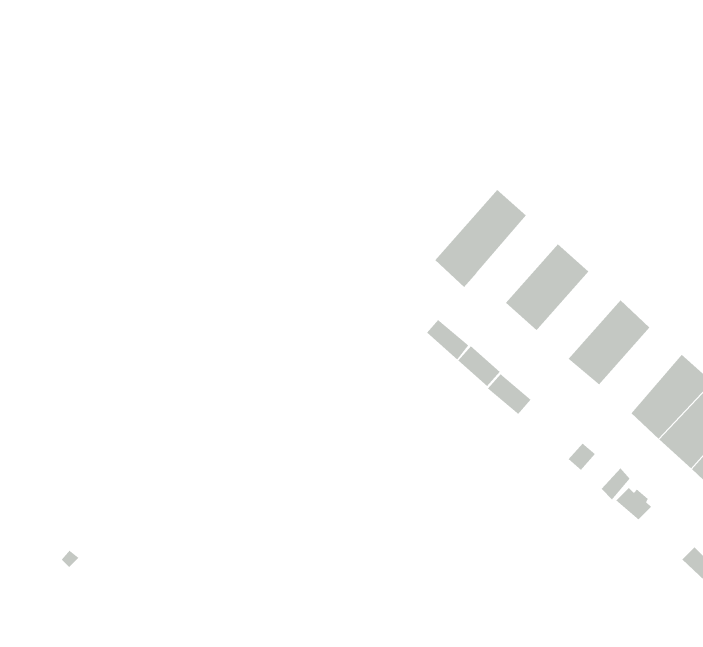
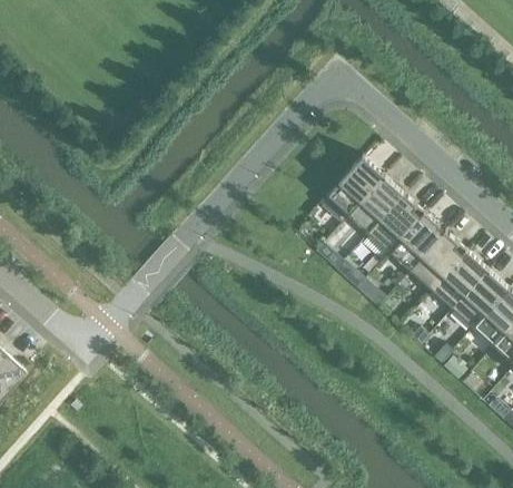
building: none -> [349,175,405,234]
building: none -> [392,213,447,272]
building: none -> [433,251,489,309]

